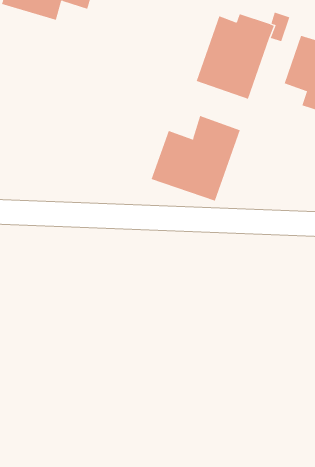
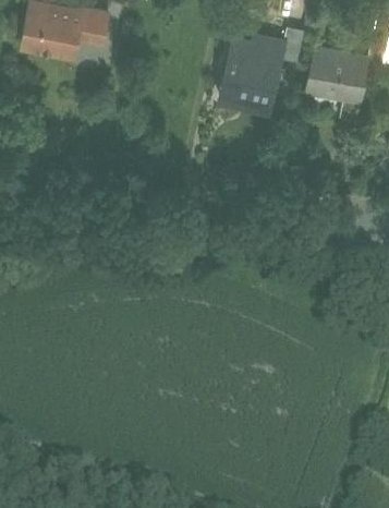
building: [151,115,240,201] -> none

